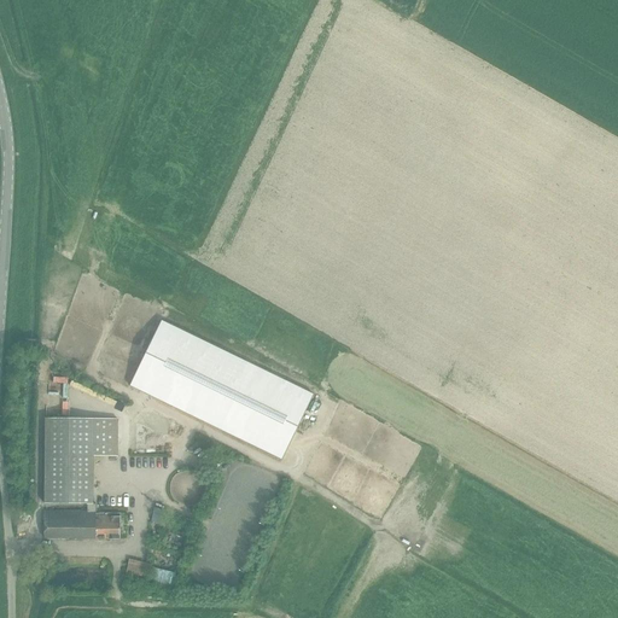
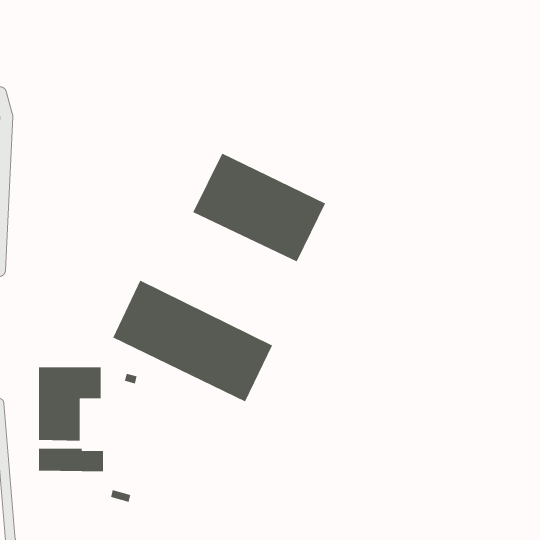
building: none -> [192,152,326,262]

